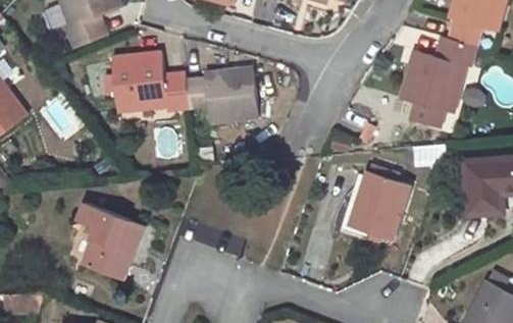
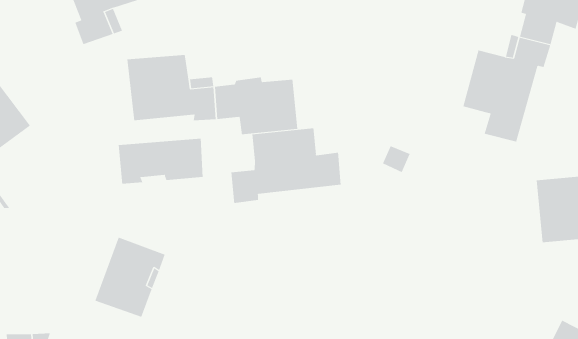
building: none -> [231,127,341,204]
building: none -> [118,138,203,184]
building: [350,172,409,239] -> none

